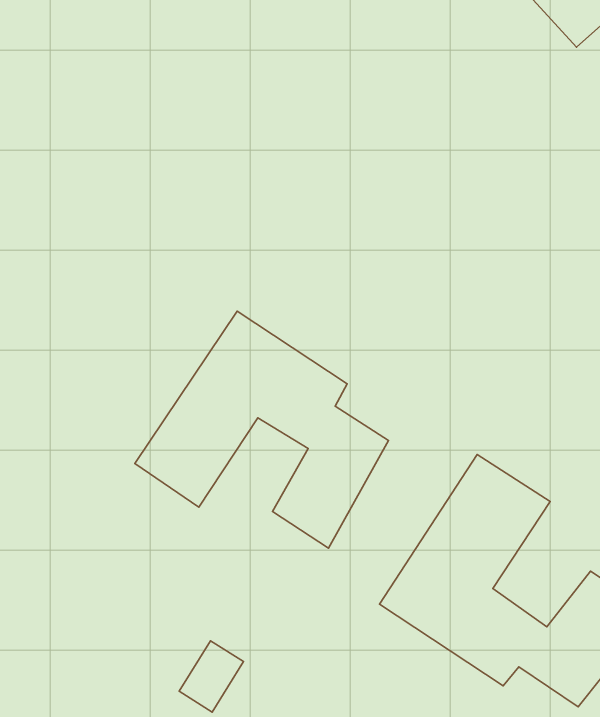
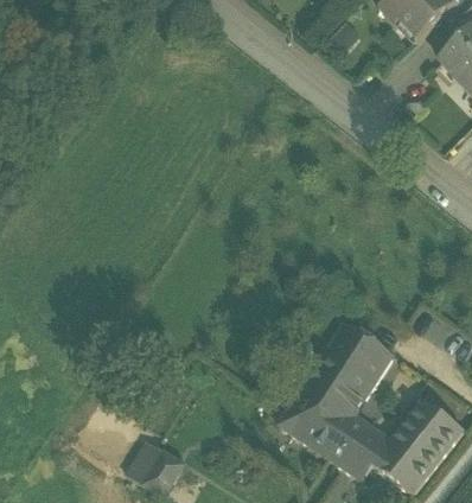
building: [135,311,388,548] -> none
building: none -> [125,437,162,482]

